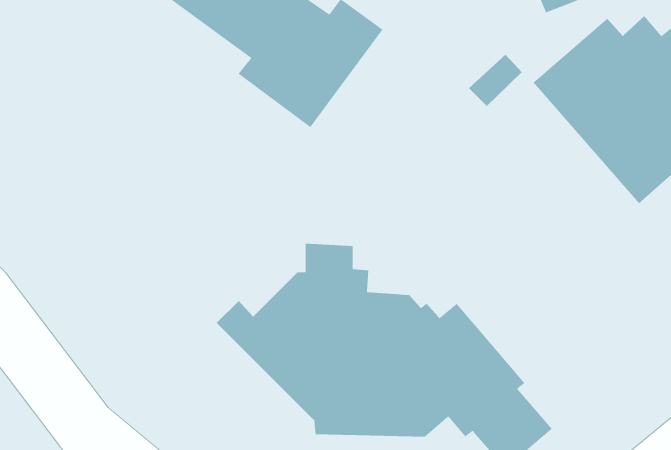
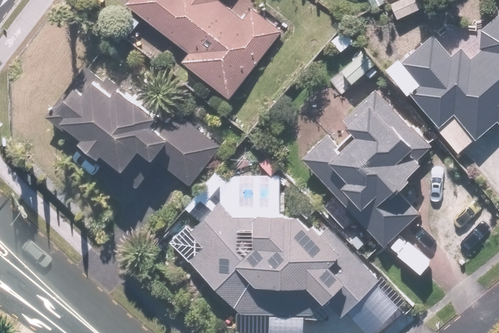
building: none -> [48,81,220,183]
building: none -> [298,91,436,246]

